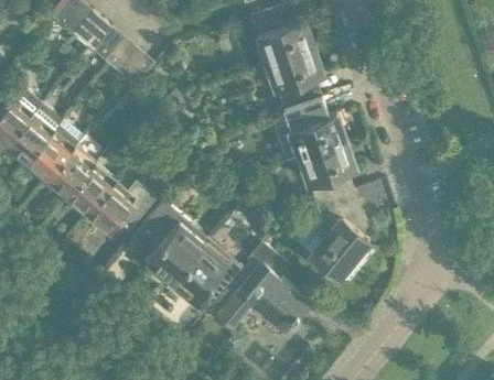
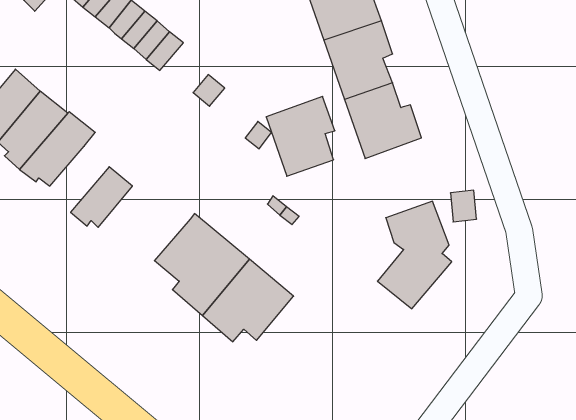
building: [299,142,354,206] -> [266,96,335,176]
building: [46,149,94,202] -> none
building: [85,181,152,232] -> none
building: [215,245,305,333] -> none

